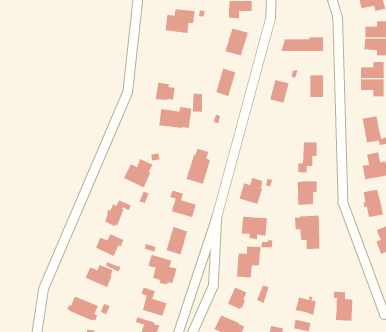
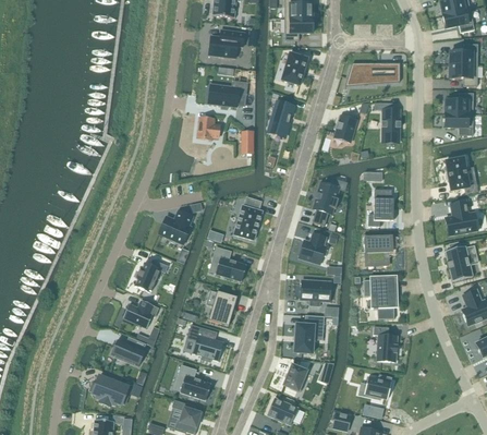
building: [159,107,192,128] -> [208,80,248,106]
building: none -> [313,182,339,225]
building: [333,291,353,322] -> [374,325,398,362]

